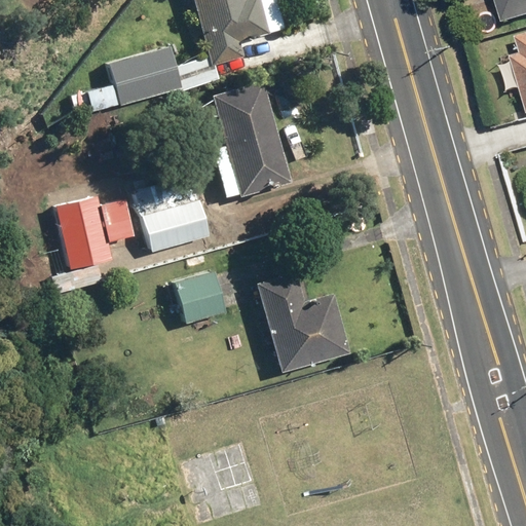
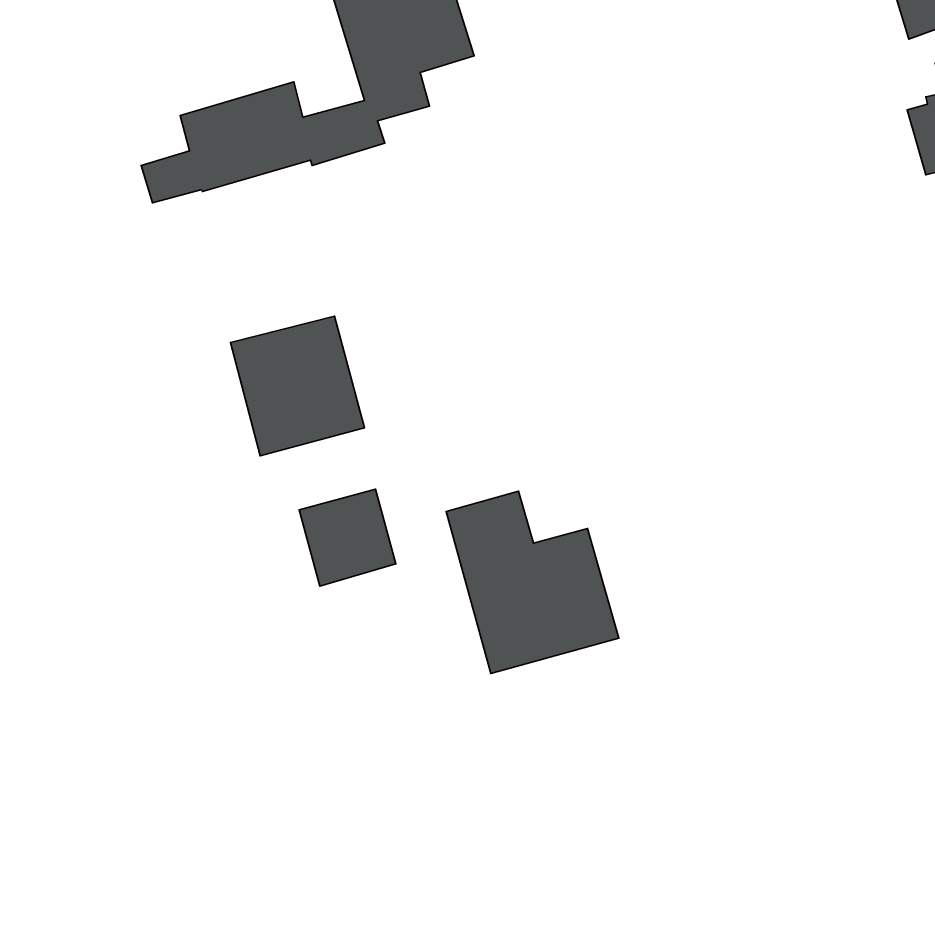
building: [210,79,293,196] -> none
building: [54,194,134,268] -> none

